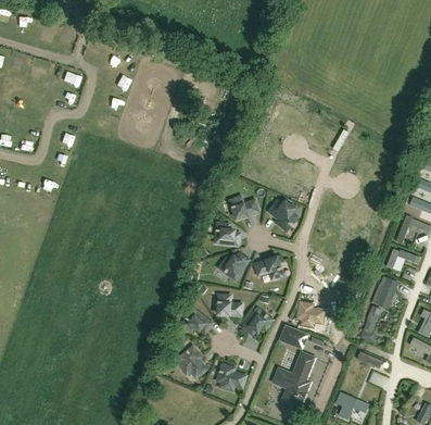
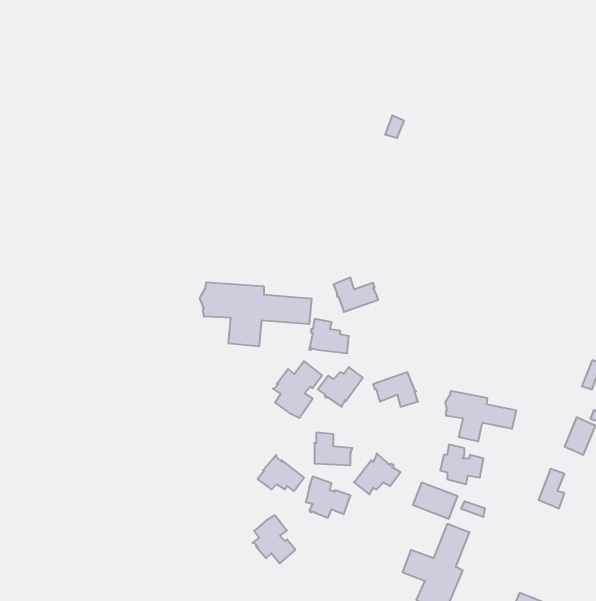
building: none -> [200,282,311,346]
building: [268,201,296,229] -> none
building: none -> [273,361,322,418]
building: none -> [445,391,516,442]
building: [217,364,245,390] -> [306,476,351,518]

